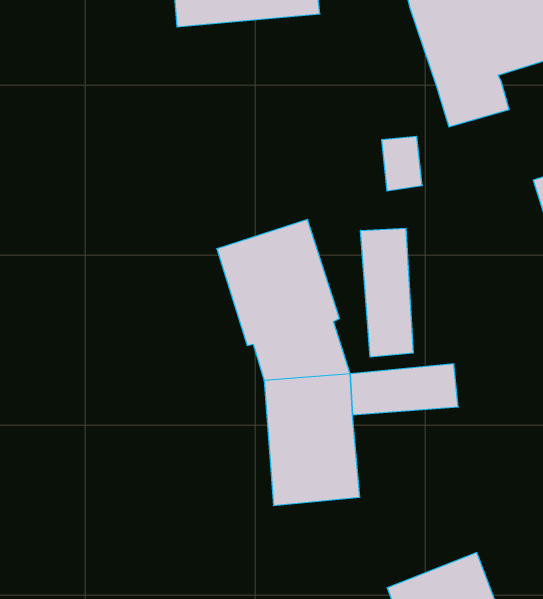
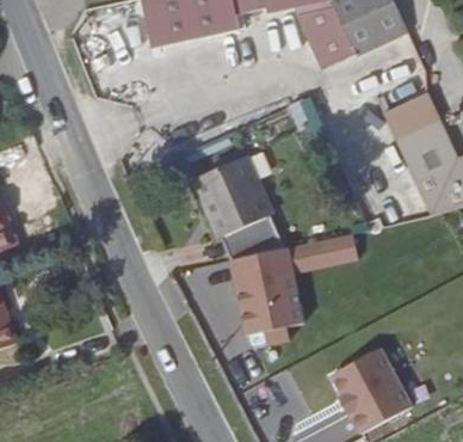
building: [361,228,413,357] -> none

